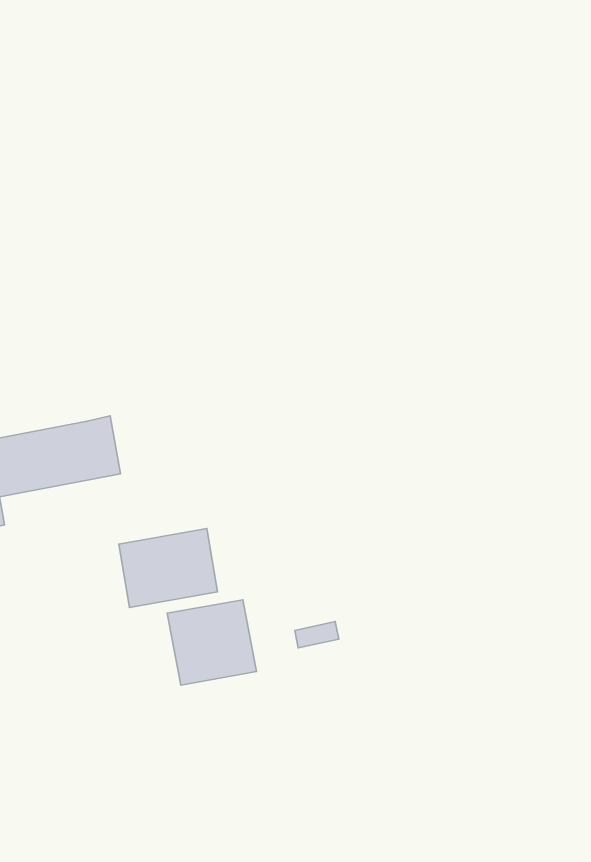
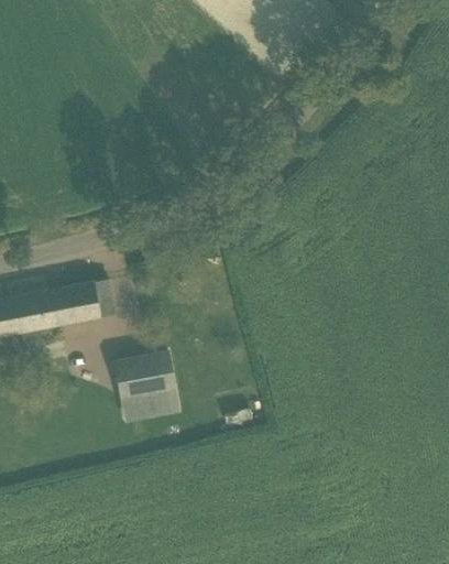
building: [167,600,257,685] -> none

